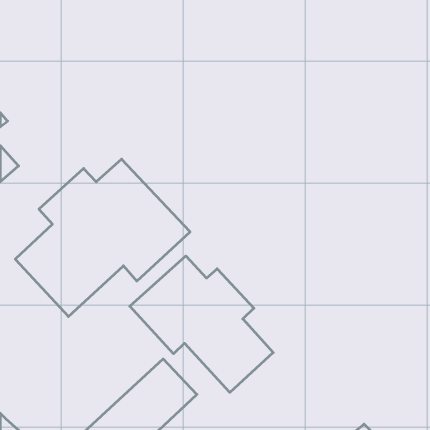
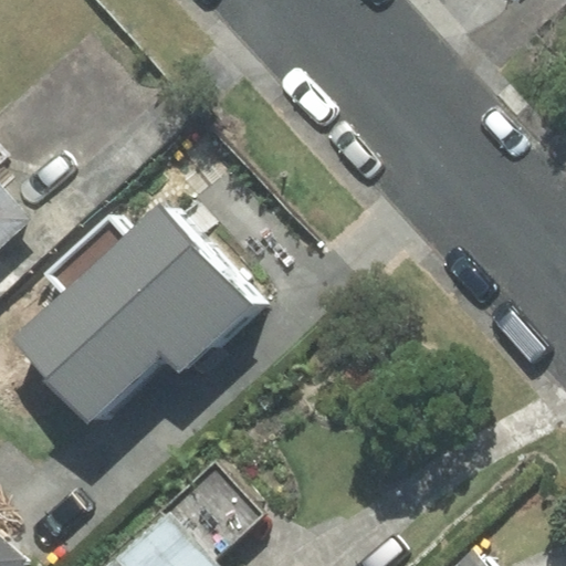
building: [130,256,273,392] -> none

